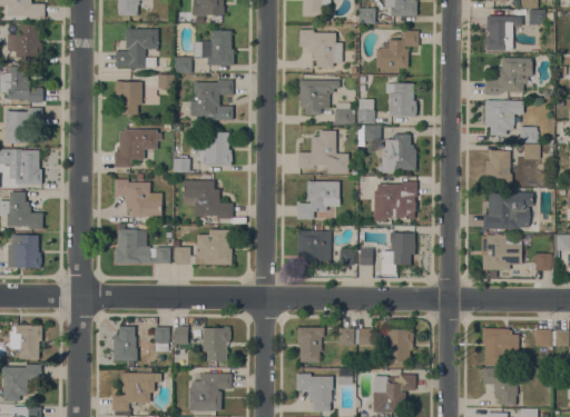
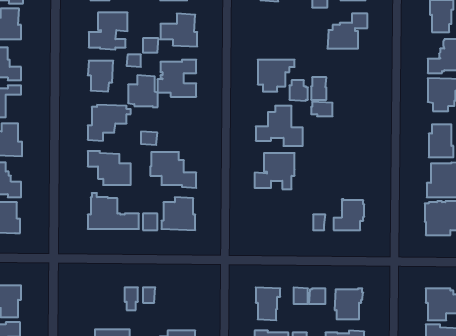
building: [299,30,342,68] -> none
building: [385,82,416,117] -> none
building: [199,131,232,166] -> [128,75,158,107]
building: [382,135,416,172] -> none
building: [373,181,417,222] -> none
building: [297,230,354,265] -> none
building: [114,327,136,360] -> none
building: [203,327,230,360] -> none

